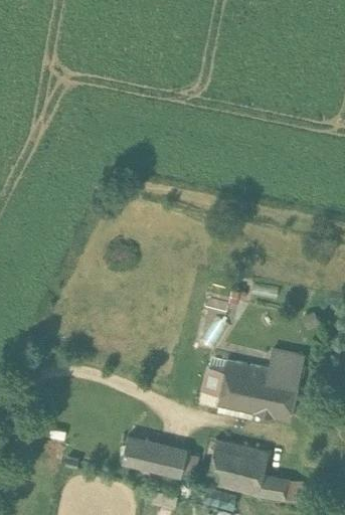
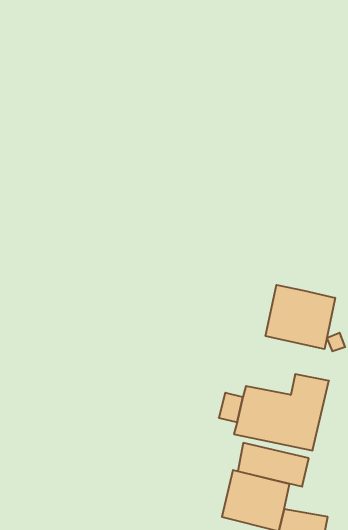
building: none -> [266,285,335,349]
building: [123,437,188,477] -> [238,443,309,487]

